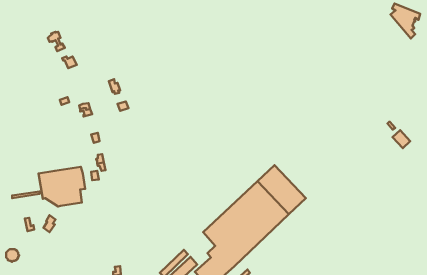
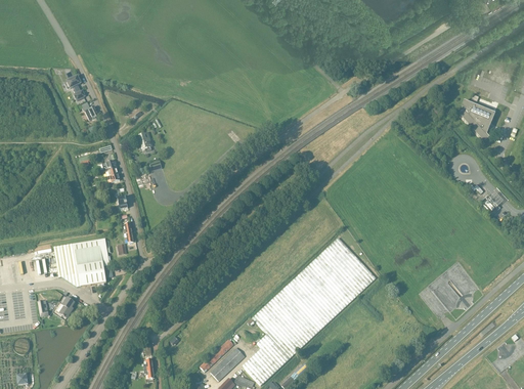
building: [390,4,420,38] -> [460,100,495,142]

